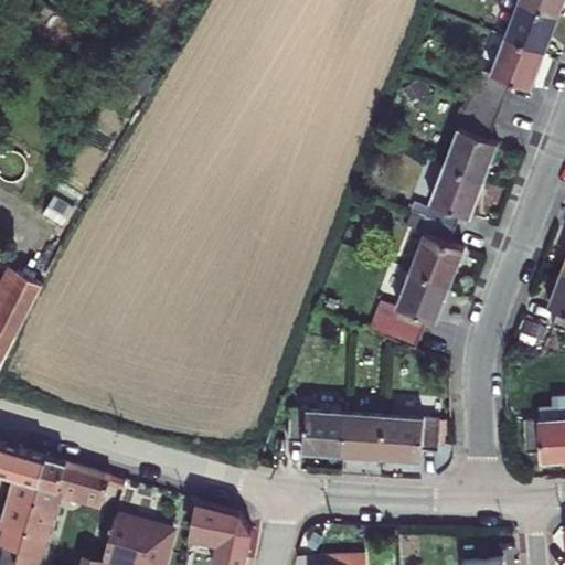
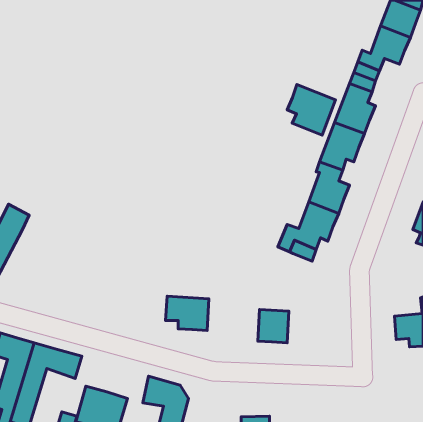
building: none -> [287,85,335,135]
building: [286,412,343,457] -> [166,296,209,330]
building: [380,417,437,461] -> none

